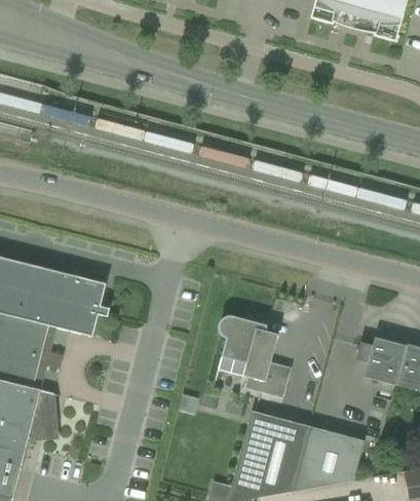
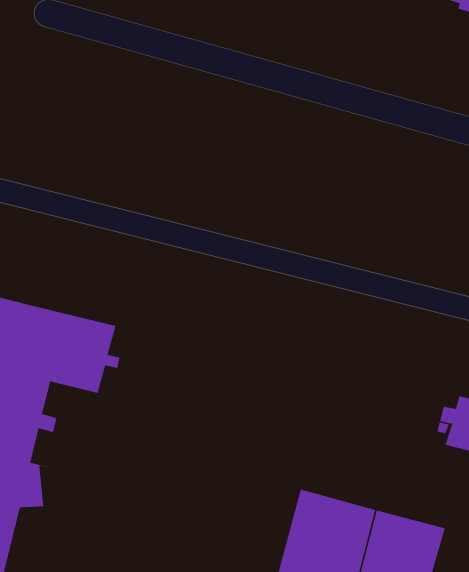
building: [219,316,291,397] -> none

